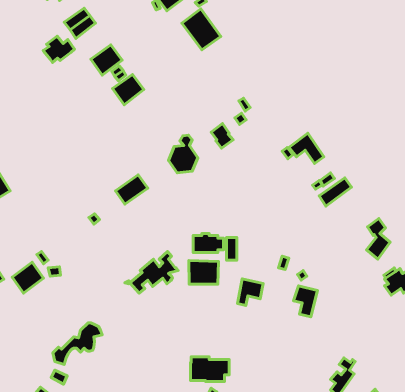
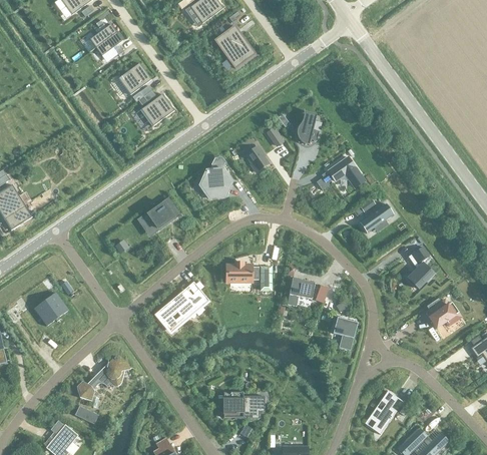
building: [43,36,75,62] -> none
building: none -> [296,109,318,143]
building: [189,261,218,284] -> none
building: [237,279,263,305] -> [287,278,314,306]

